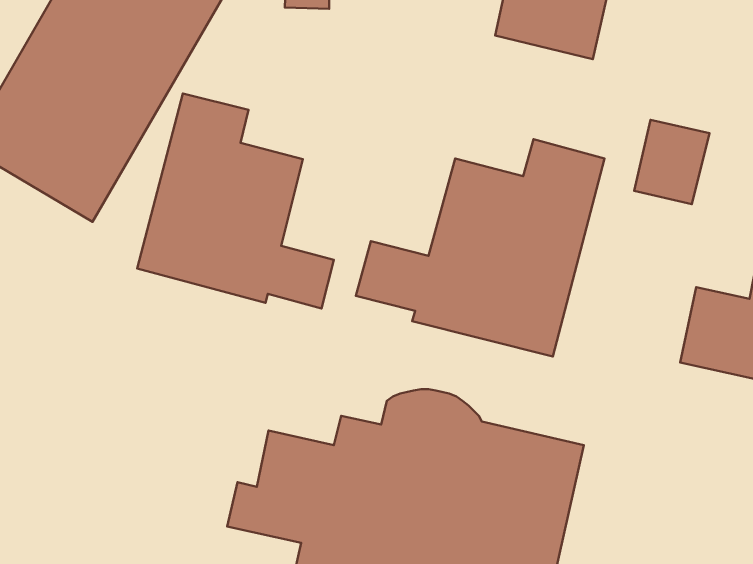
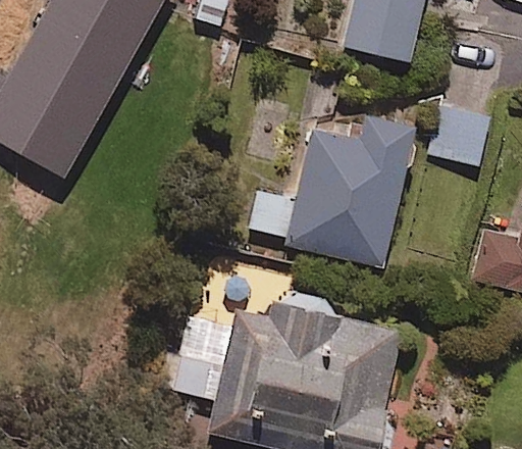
building: [137,94,334,308] -> none

